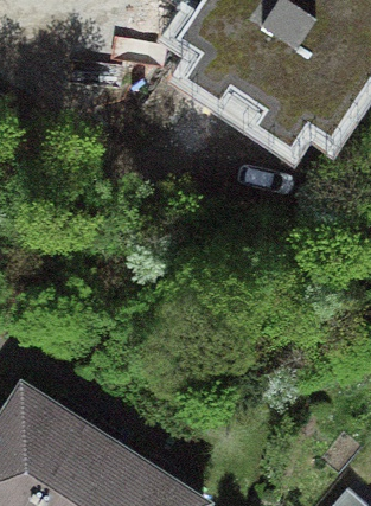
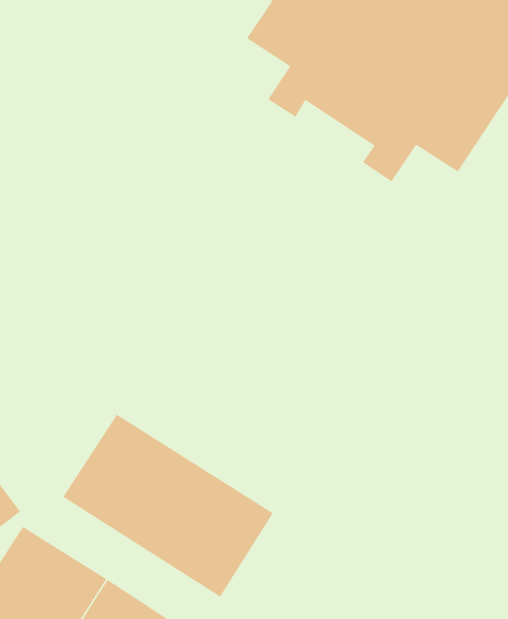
building: none -> [63,414,274,598]

